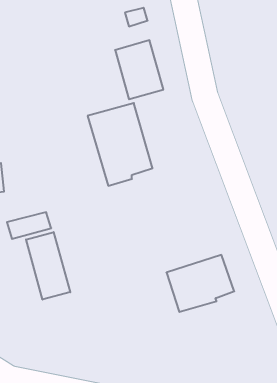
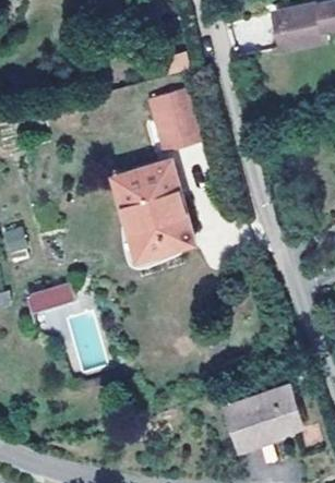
building: [26,232,70,300] -> none
building: [166,255,234,312] -> [225,384,300,447]

